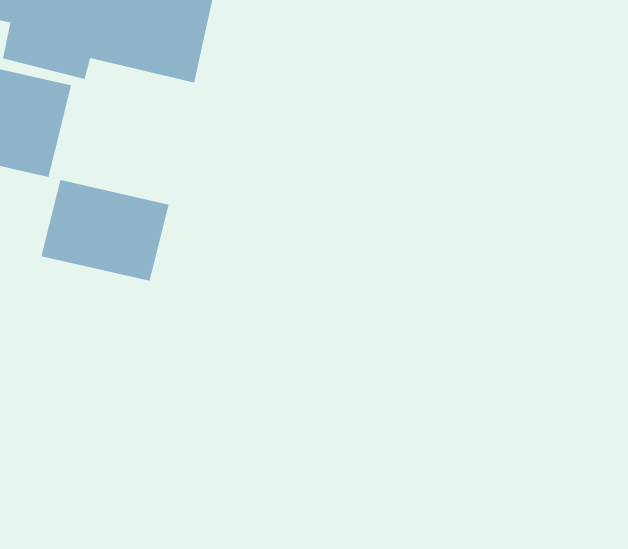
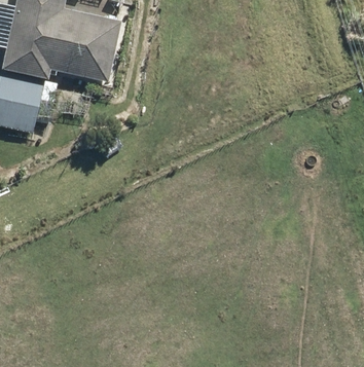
building: [41,179,169,282] -> none

